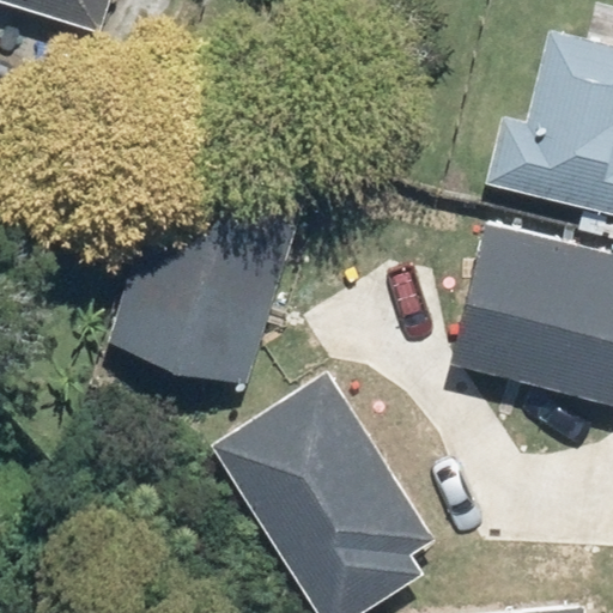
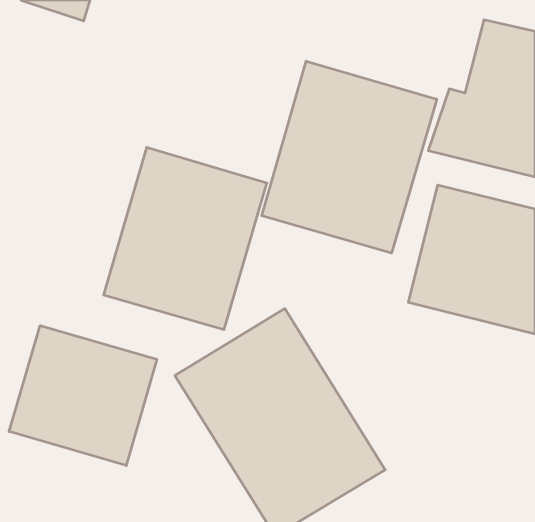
building: none -> [262,61,437,253]
building: none -> [9,326,157,466]

